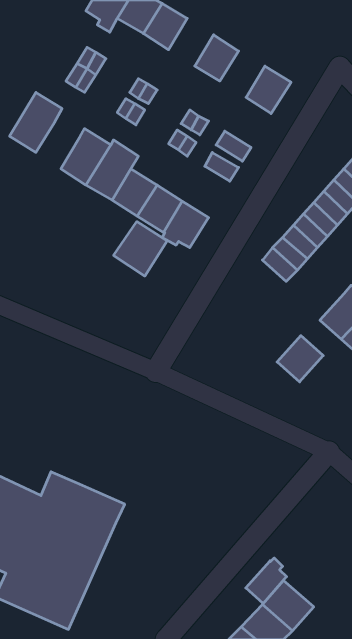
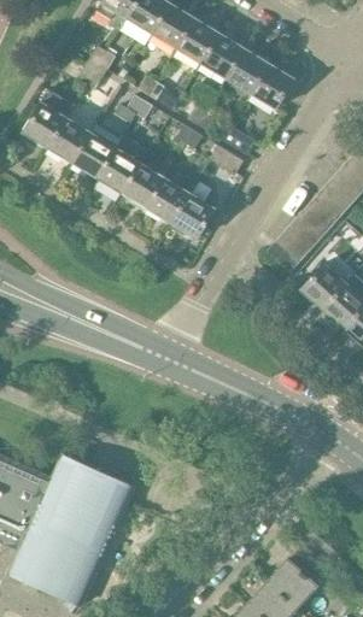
building: none -> [176,18,219,64]
building: none -> [226,49,269,94]
building: none -> [48,118,90,163]
building: [114,222,167,276] -> none
building: [277,336,323,382] -> [300,264,345,308]
building: [246,558,287,603] -> none

